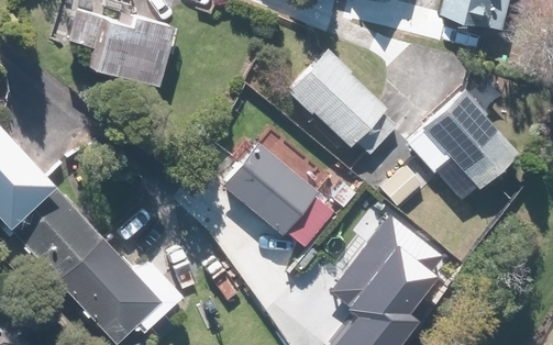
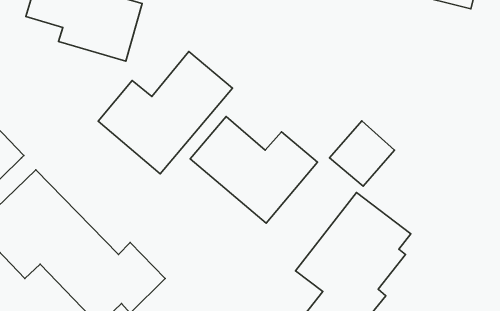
building: [285,48,392,156] -> none
building: [403,71,513,187] -> none
building: none -> [98,52,232,174]

